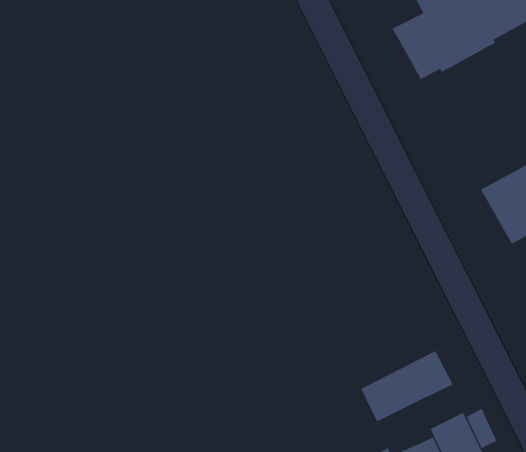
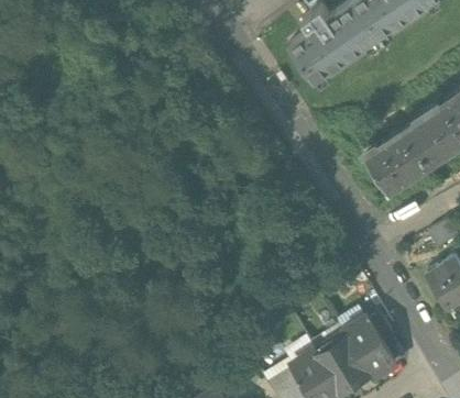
building: [360,350,453,422] -> none

